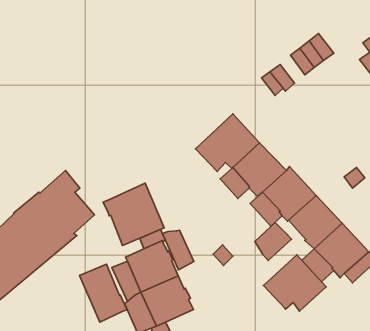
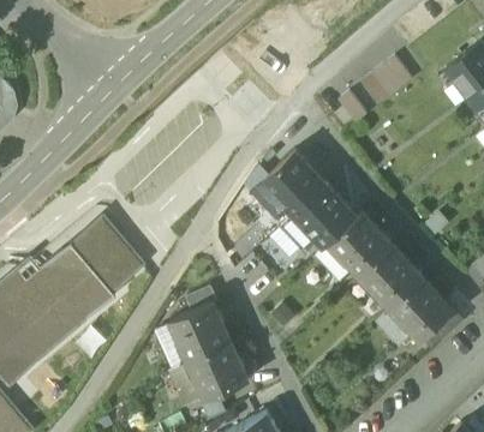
building: [103,183,164,245] -> none
building: [255,223,292,261] -> none
building: [163,230,194,270] -> none
building: [263,255,326,311] -> none
building: [79,264,127,322] -> none

